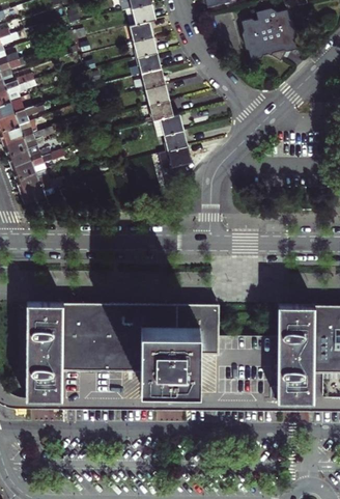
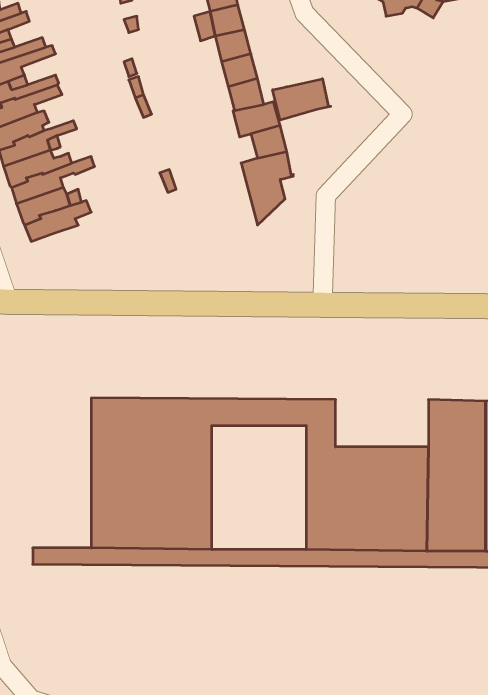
building: none -> [273,79,331,120]
building: [26,301,63,397] -> none
building: [140,320,200,385] -> none

